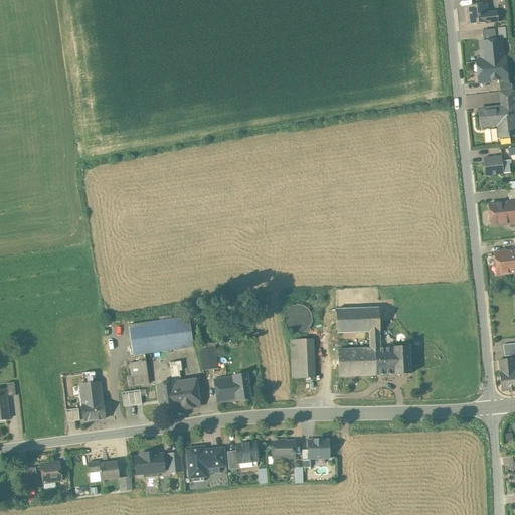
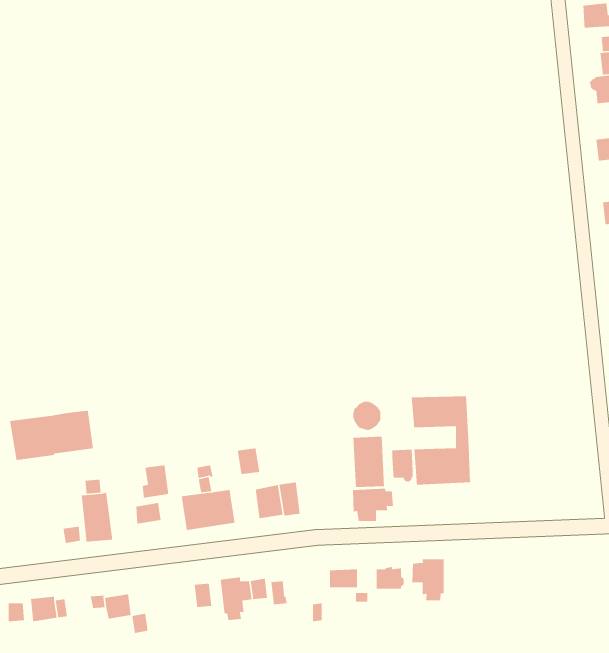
building: [128,316,193,355] -> [9,410,94,461]
building: [380,345,410,374] -> none
building: none -> [392,449,414,482]
building: none -> [352,488,394,522]
building: none -> [412,558,444,601]
building: [236,442,259,462] -> none
building: [134,452,164,477] -> none

